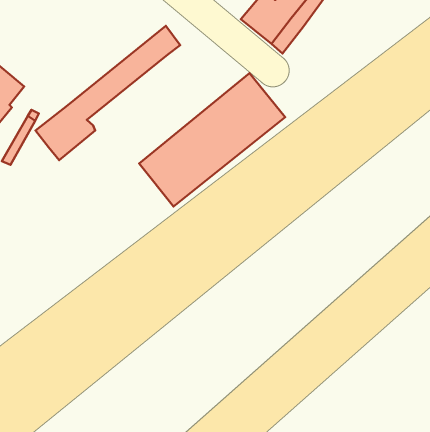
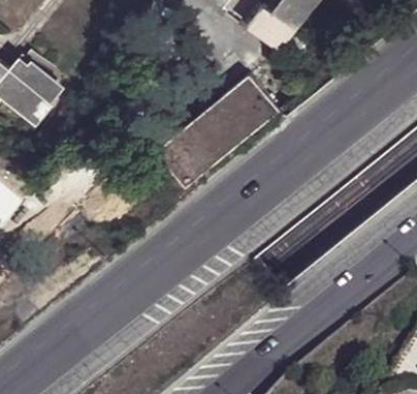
building: [35,26,180,160] -> none

